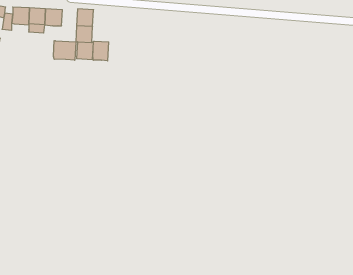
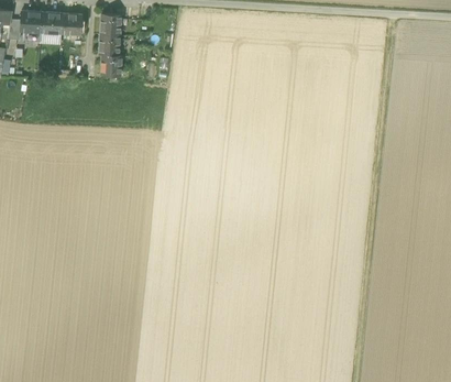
building: [54,41,76,60] -> none
building: [93,41,109,61] -> none

